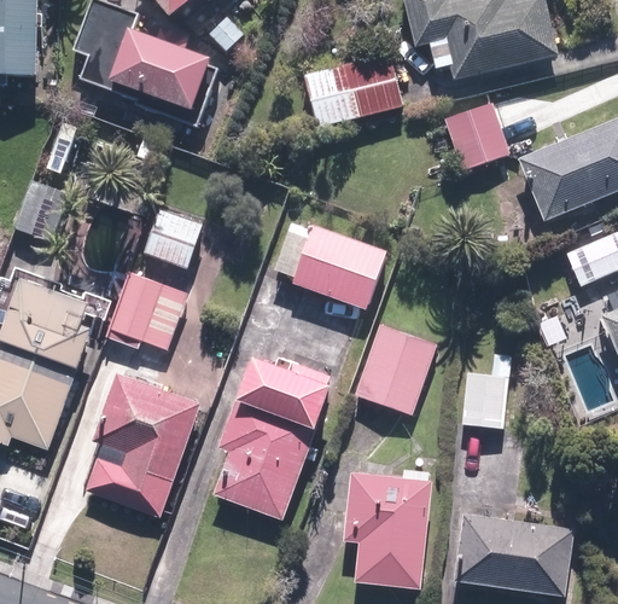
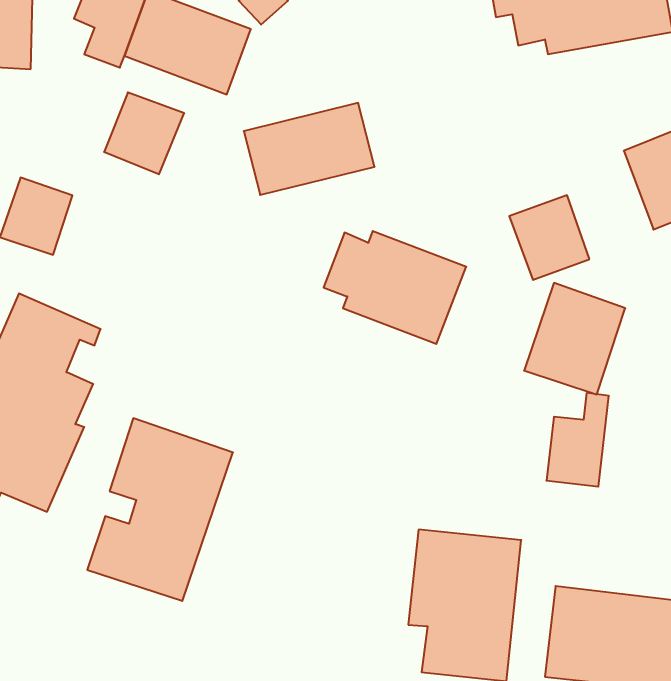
building: [302,51,408,126] -> [244,103,375,195]
building: [442,104,507,173] -> [509,195,589,280]
building: [140,207,205,273] -> [104,92,184,174]
building: [101,268,190,353] -> none
building: [354,325,436,416] -> [524,283,625,394]
building: [212,349,338,521] -> none

